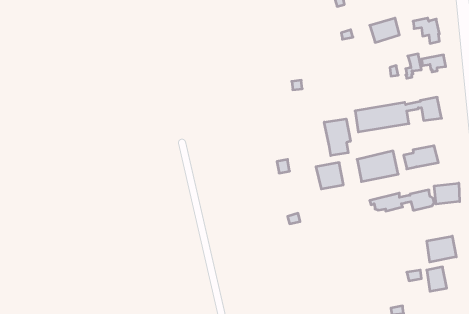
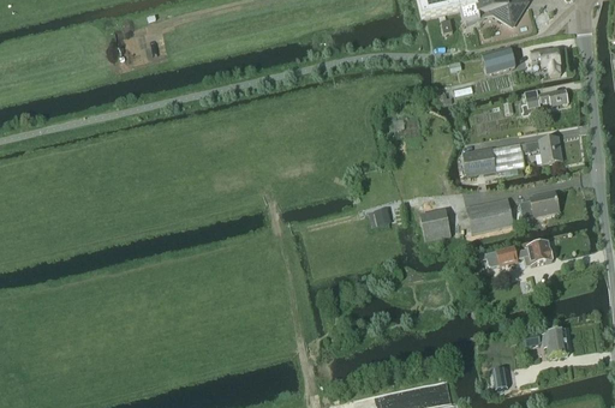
building: [324,119,350,156] -> none
building: [434,183,460,204] -> none
building: [427,236,456,262] -> none

